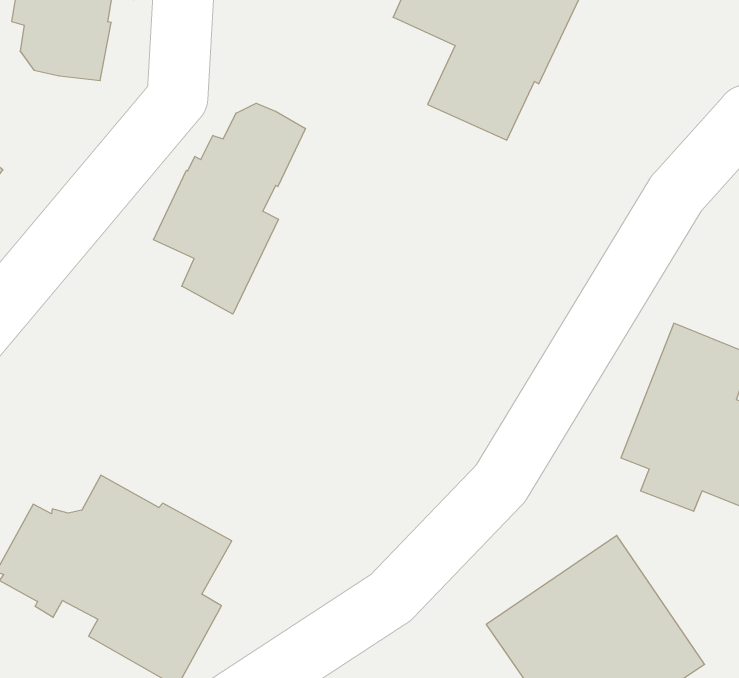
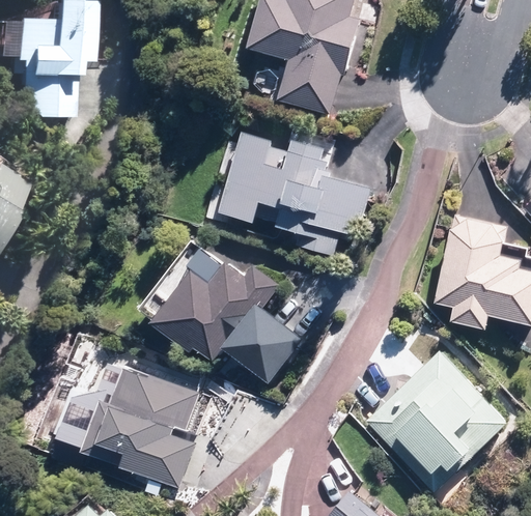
building: [154,103,305,314] -> none
building: none -> [219,134,370,257]
building: none -> [152,262,304,383]

